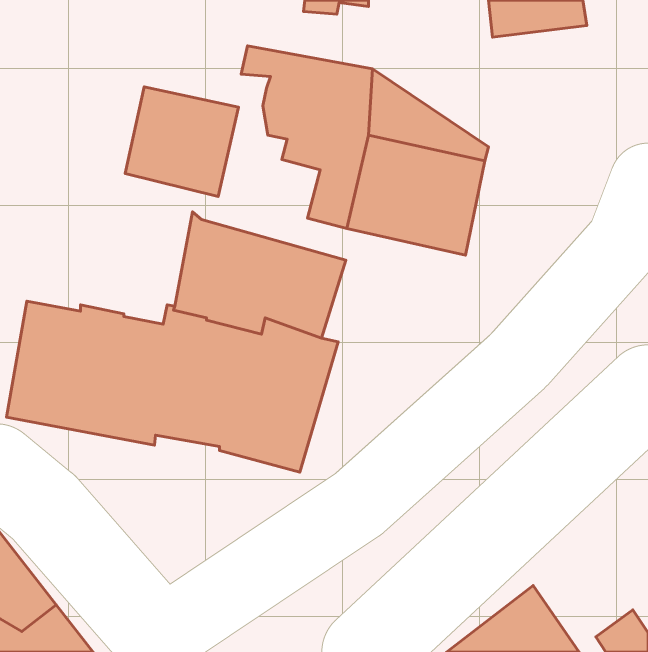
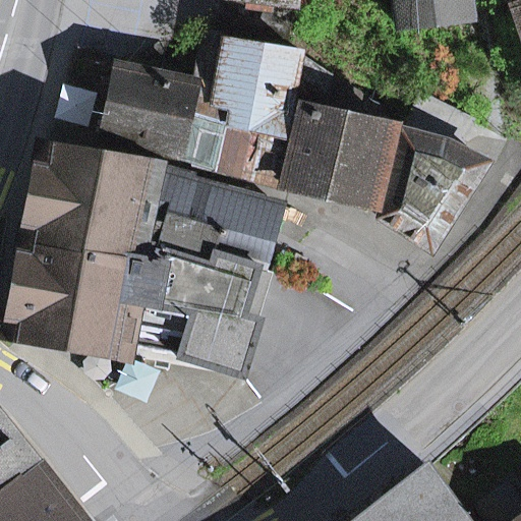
building: none -> [174,59,255,174]
building: none -> [375,94,482,251]
building: none -> [21,149,154,258]

